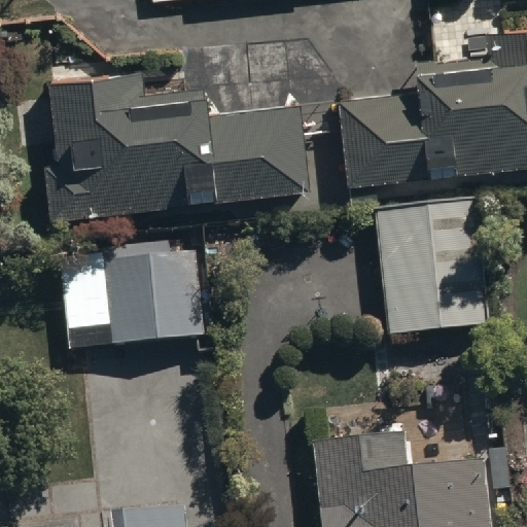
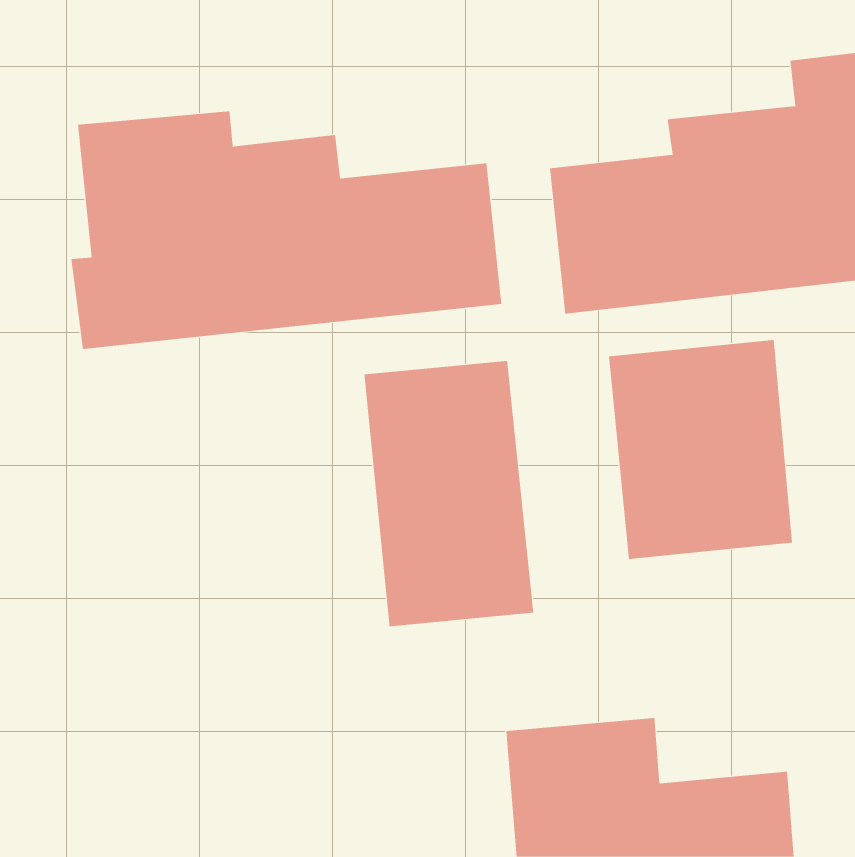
building: none -> [364,360,534,627]
building: [64,256,214,358] -> none

